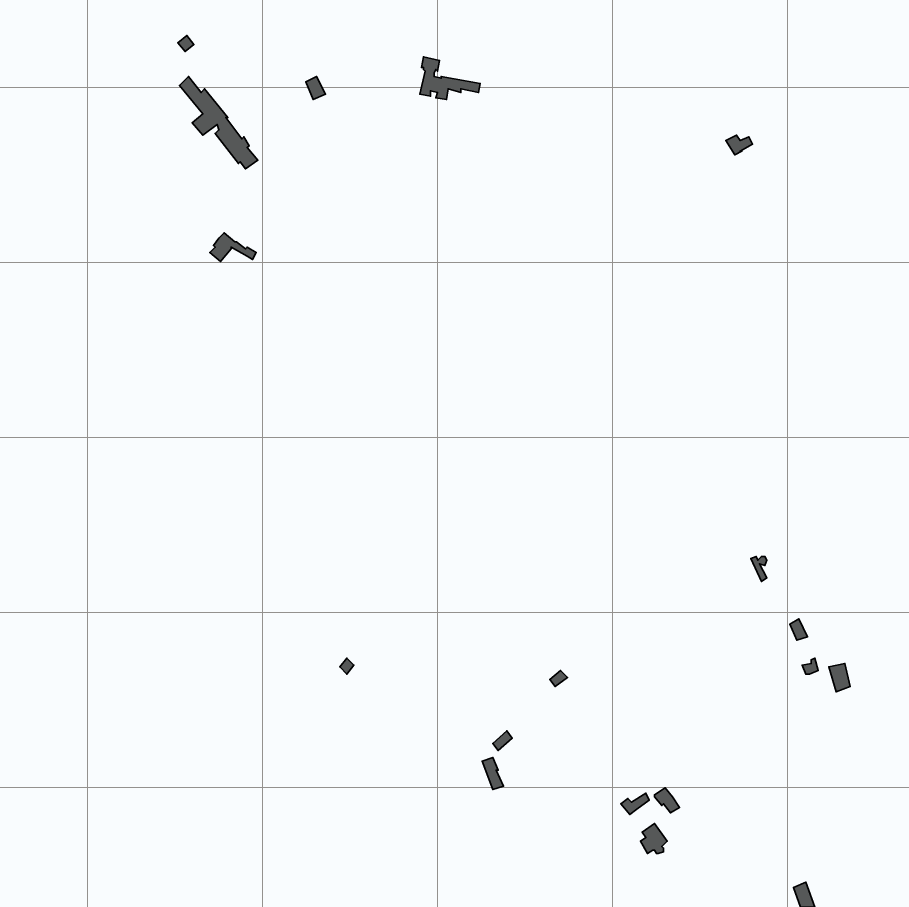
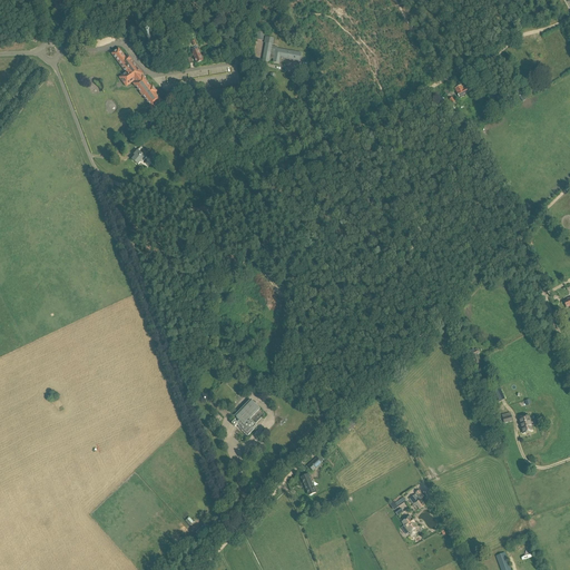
building: none -> [232,399,261,435]

